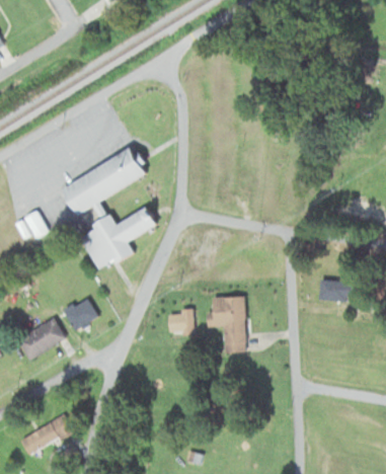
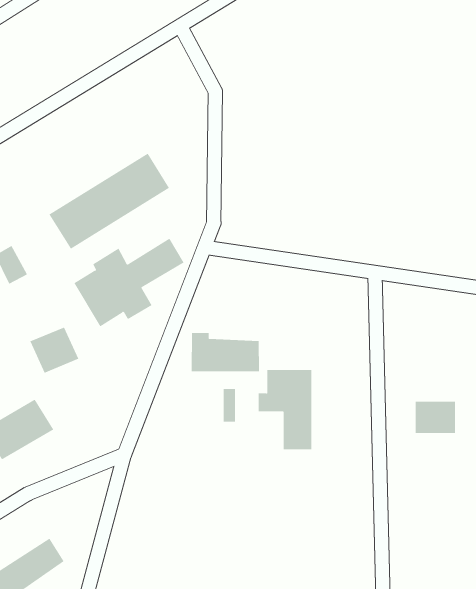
building: none -> [191,332,260,372]
building: [318,280,346,302] -> [415,401,456,433]
building: [64,298,98,330] -> [29,327,79,374]

